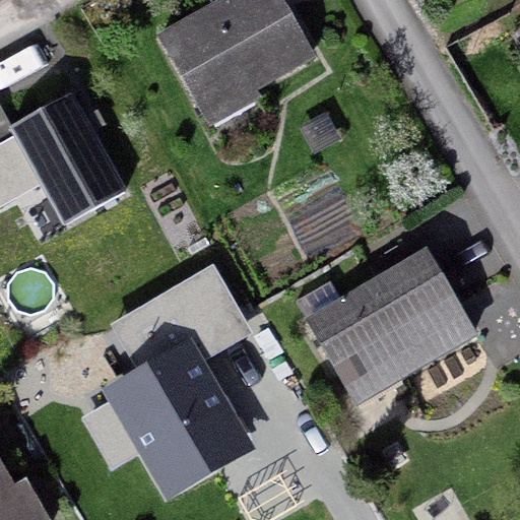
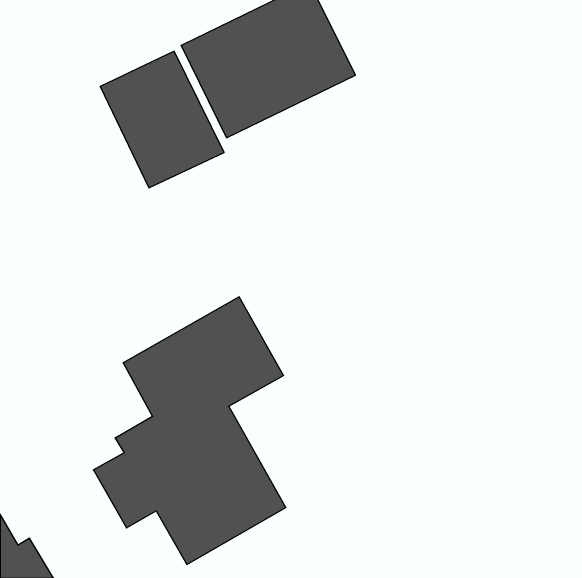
building: [6,94,117,216] -> [100,51,224,188]
building: [296,243,471,392] -> none

